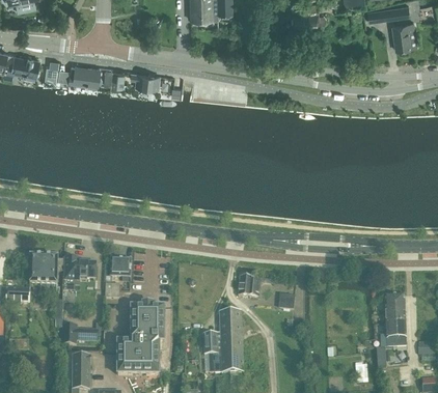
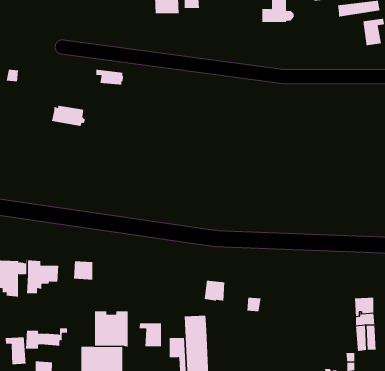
building: [69,64,102,85] -> [51,105,85,127]
building: none -> [139,322,162,347]
building: none -> [5,337,26,365]

